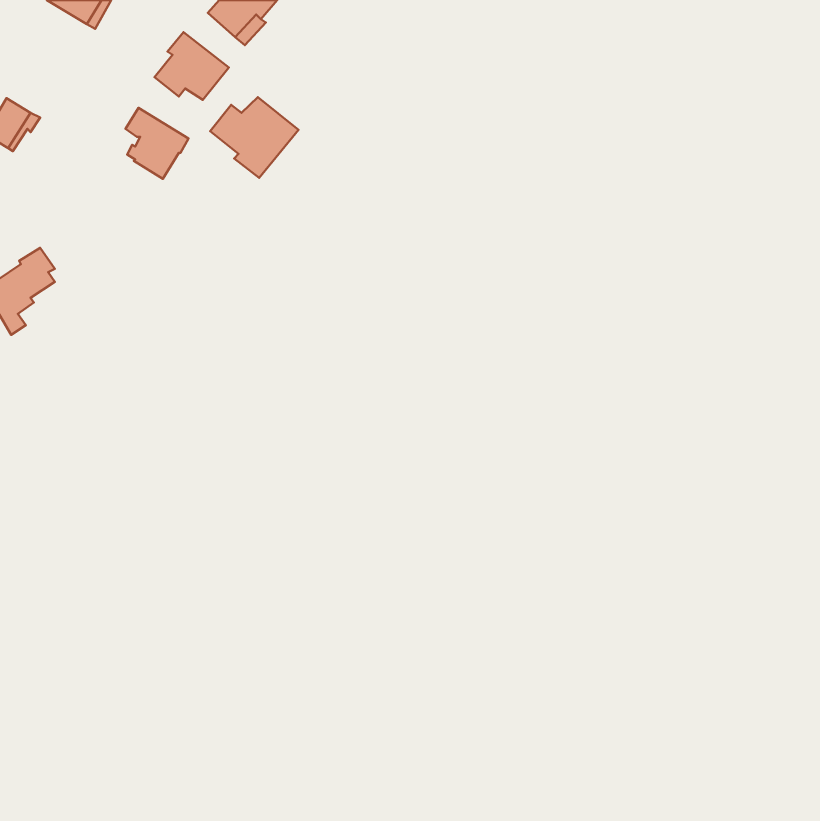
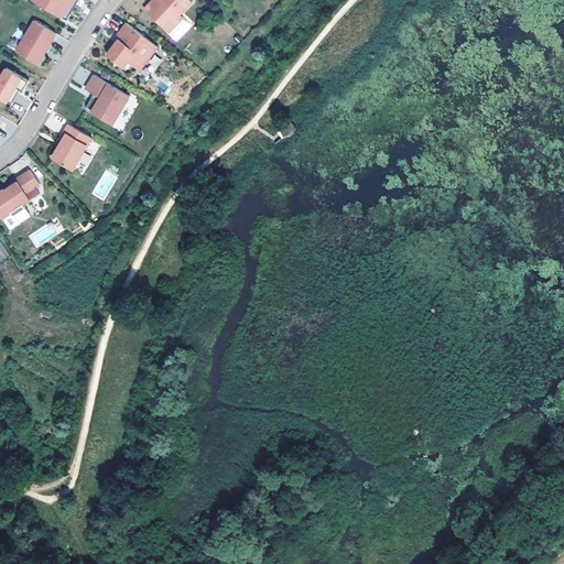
building: none -> [14,21,55,65]
building: [210,97,299,178] -> none
building: none -> [52,123,91,170]

